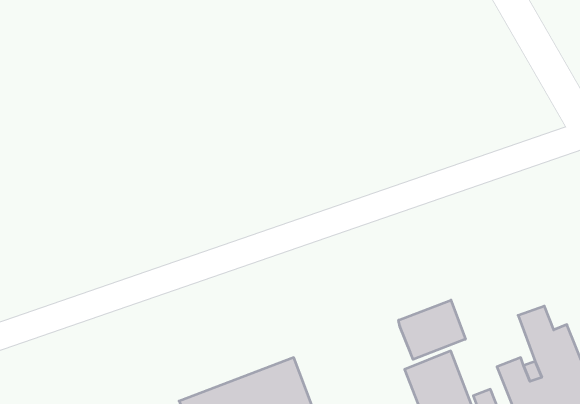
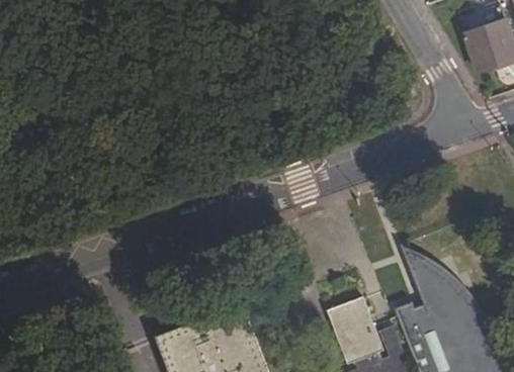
building: [399,300,465,359] -> none

